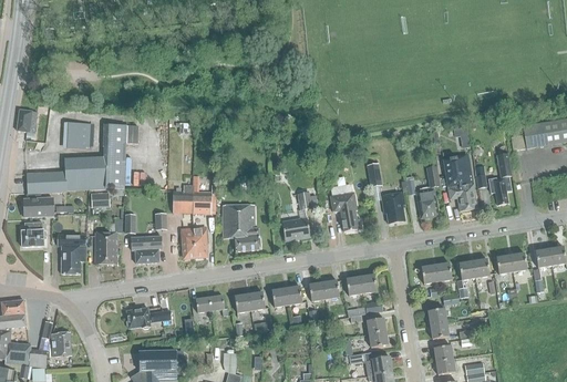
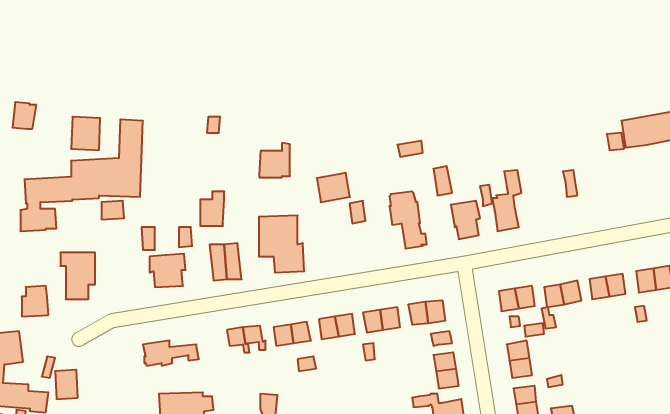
building: [487,152,511,204] -> none
building: [442,153,477,209] -> none
building: [192,183,217,211] -> [259,143,290,177]
building: [281,216,309,240] -> [317,173,350,202]
building: [21,220,43,246] -> [22,286,48,316]
building: [94,230,121,262] -> none

